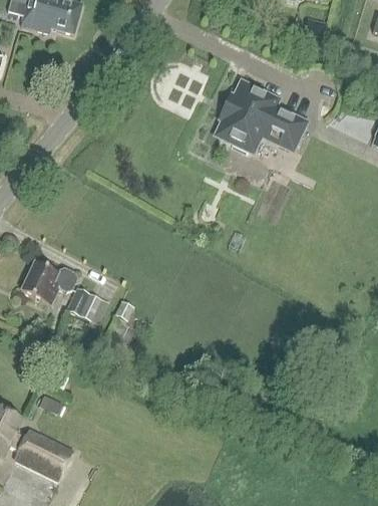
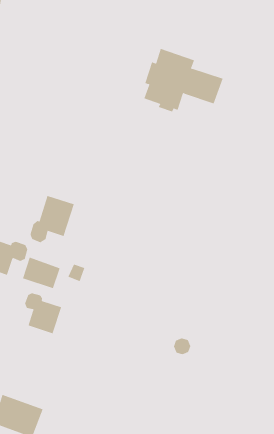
building: none -> [30,195,75,243]
building: none -> [24,292,62,334]

